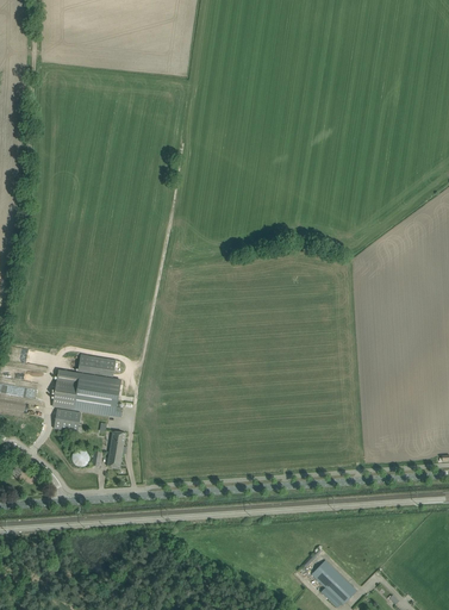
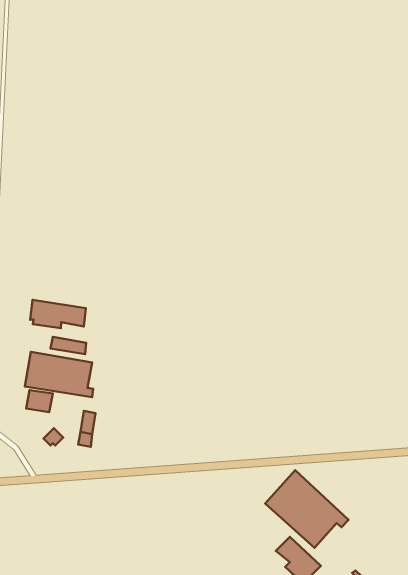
building: none -> [30,300,86,328]
building: none -> [265,470,349,548]

